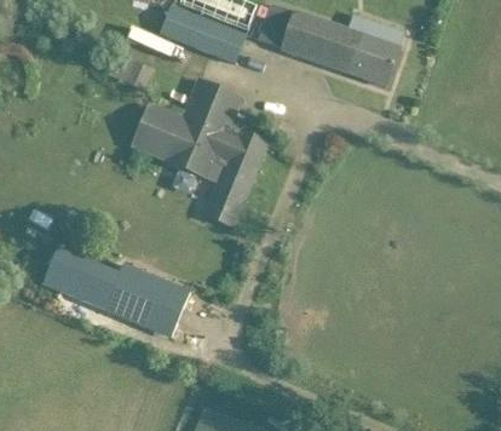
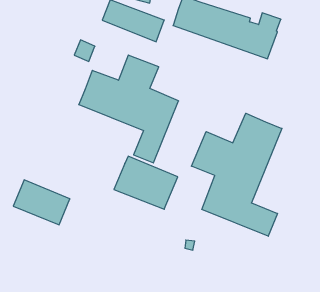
building: none -> [191,113,282,236]
building: [103,264,189,335] -> [114,156,178,209]

